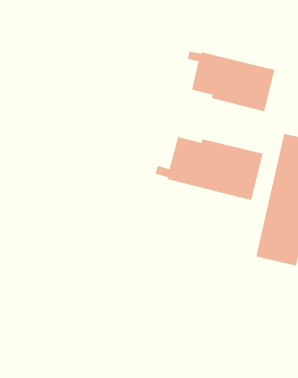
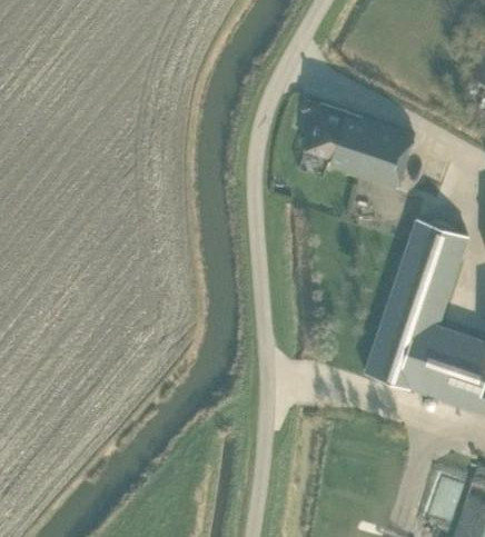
building: [155,136,263,201] -> none

